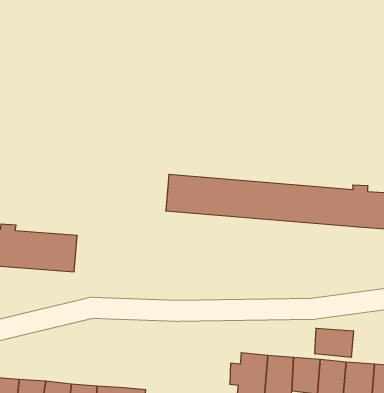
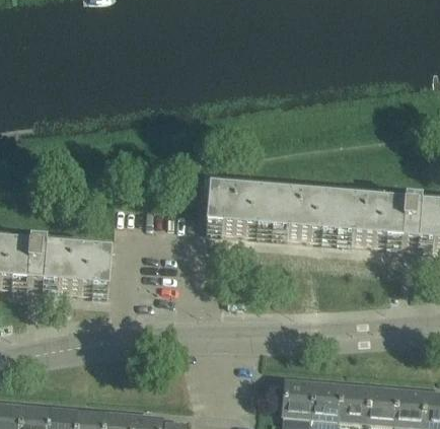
building: [315,328,353,357] -> none

